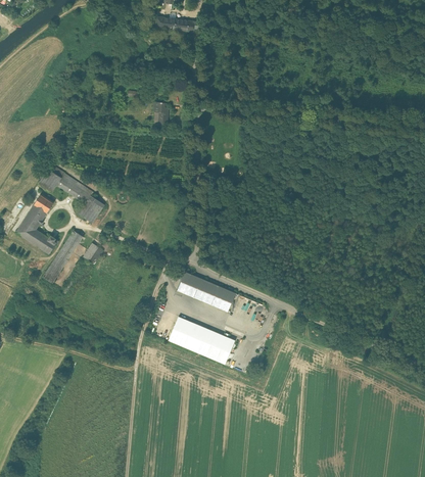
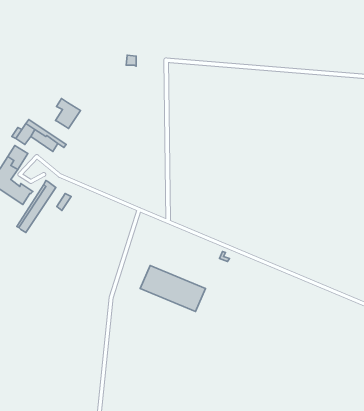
building: [79,192,104,223] -> [55,98,81,128]
building: [177,272,236,312] -> none

